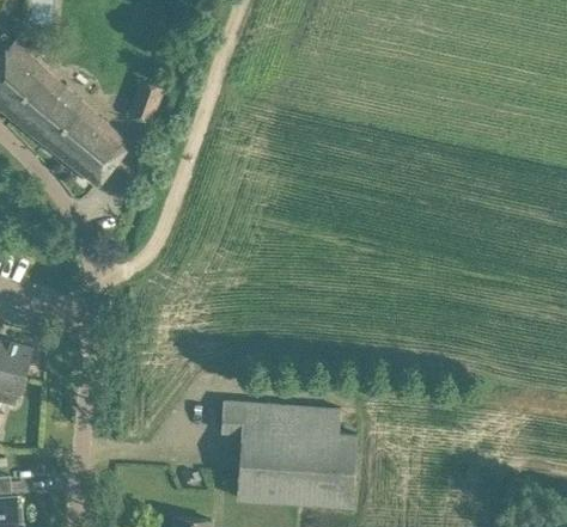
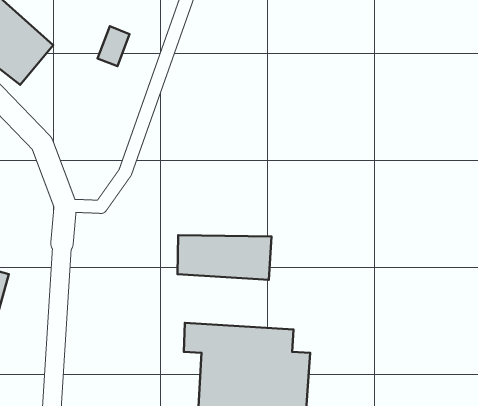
building: [44,102,129,186] -> none
building: none -> [177,235,272,280]

